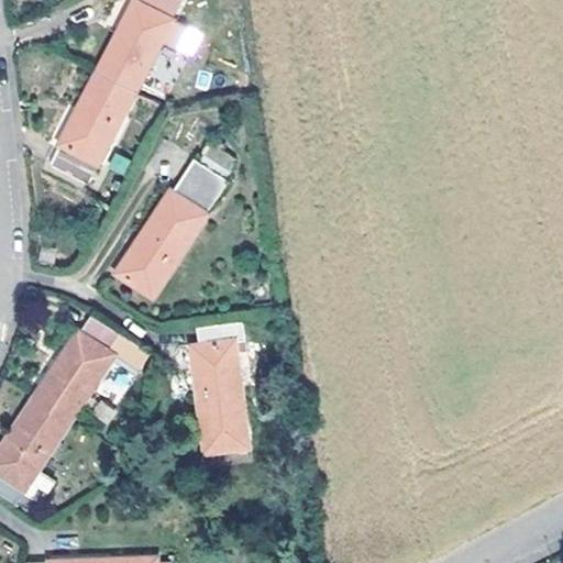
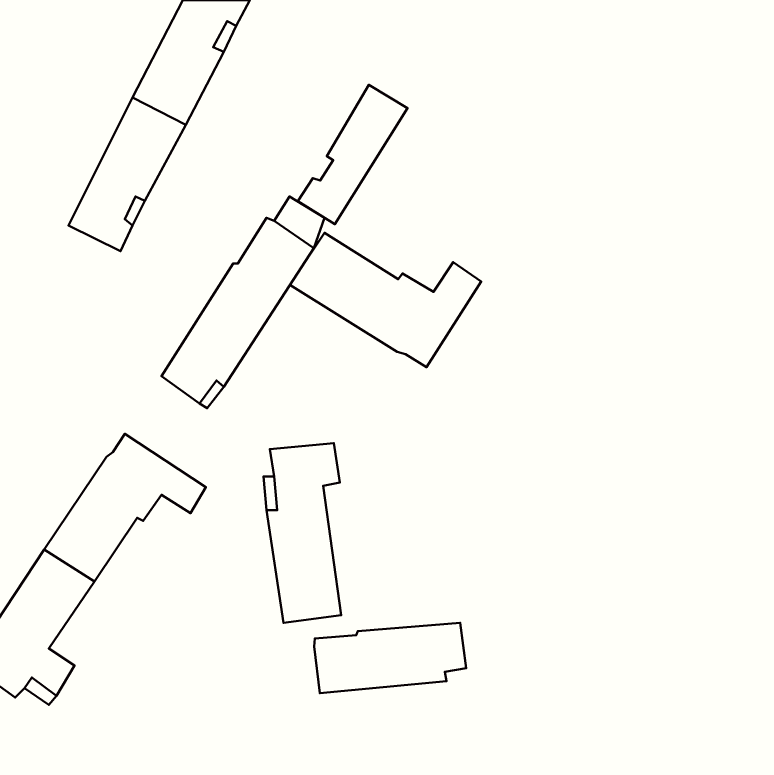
building: none -> [298,85,408,224]
building: none -> [290,233,481,367]
building: none -> [314,623,466,693]

